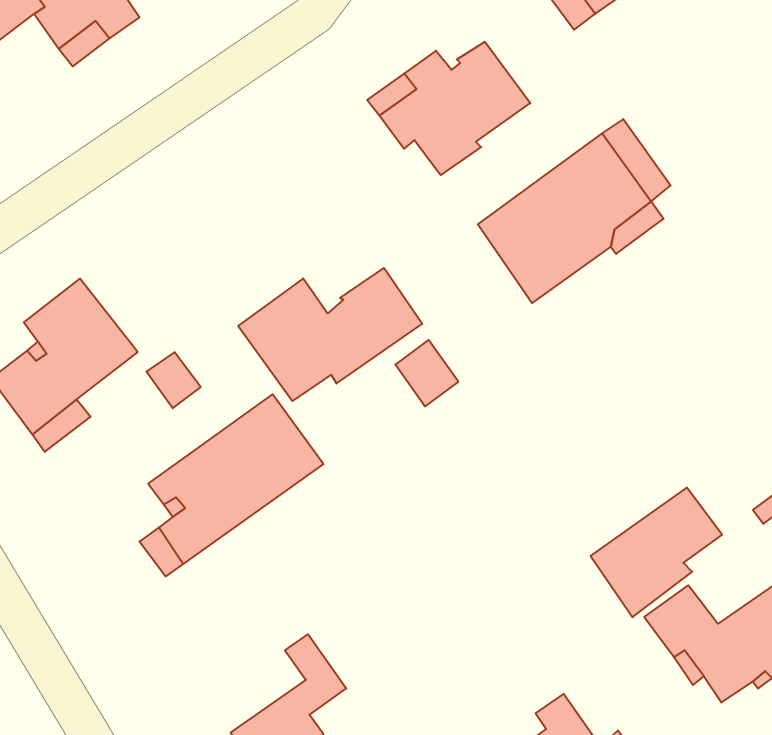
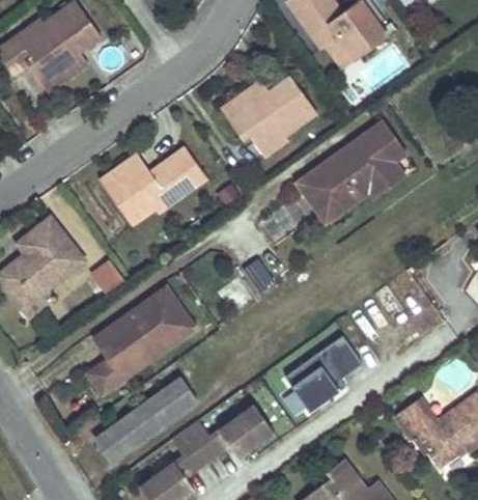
building: [238,268,422,401] -> [101,146,209,225]
building: [591,488,722,617] -> [287,334,365,411]
building: none -> [96,378,197,461]
building: none -> [187,404,275,460]

